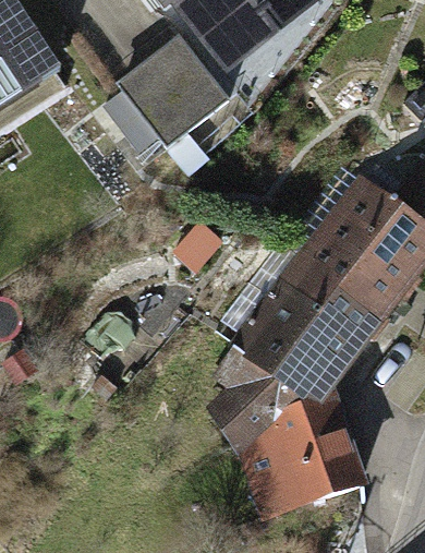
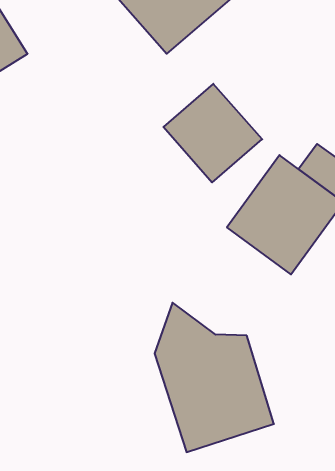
building: [125,33,240,147] -> [163,84,262,182]
building: [231,266,368,392] -> none

